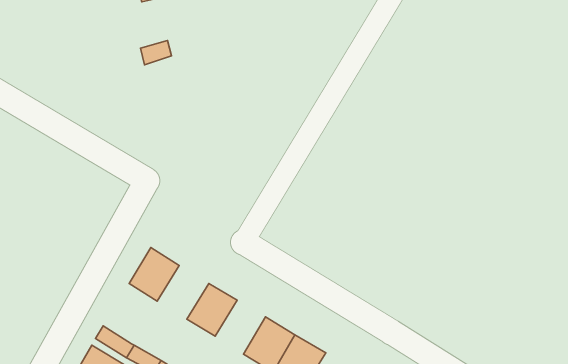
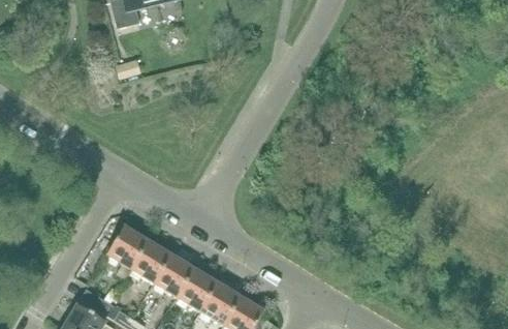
building: none -> [129,240,170,283]
building: none -> [176,268,216,311]

